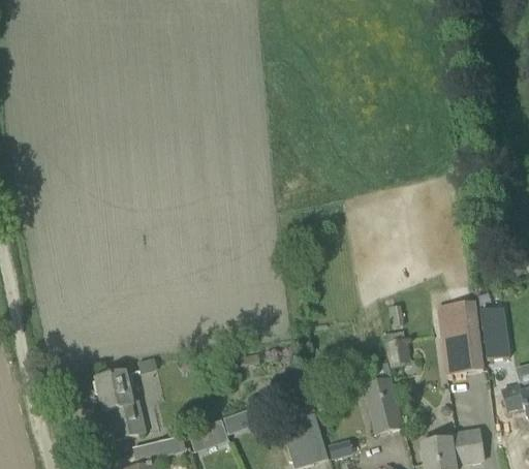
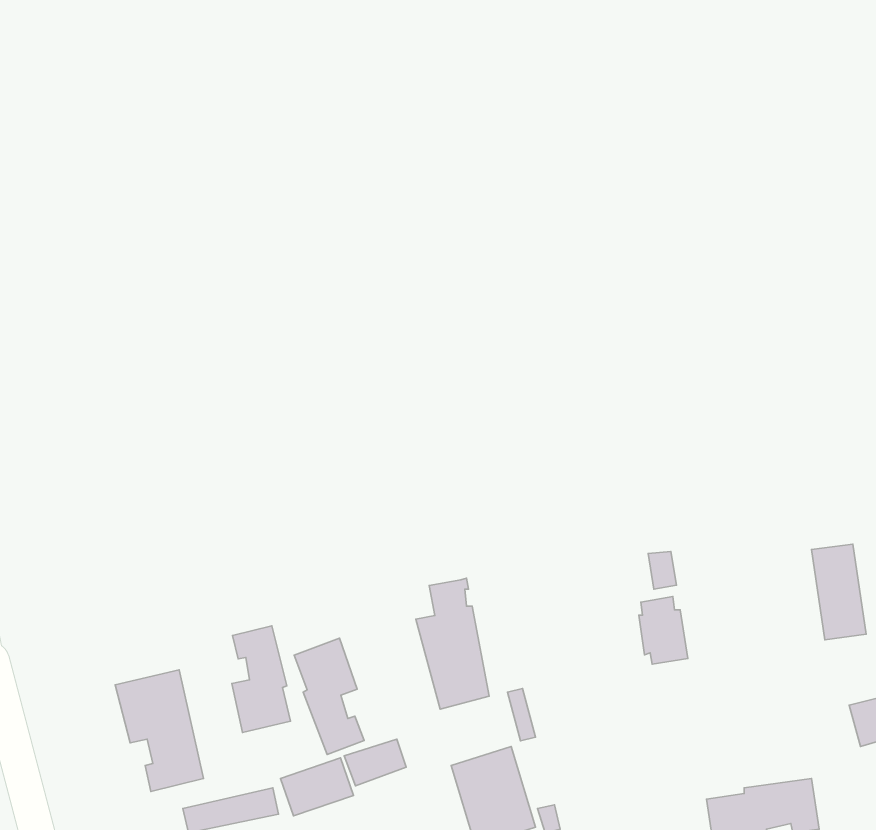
building: [437,301,485,374] -> none
building: none -> [232,626,291,732]
building: none -> [294,638,364,754]
building: [363,362,403,434] -> [416,578,489,709]

